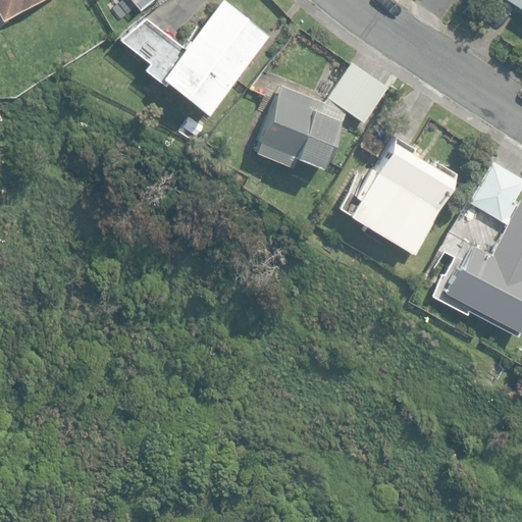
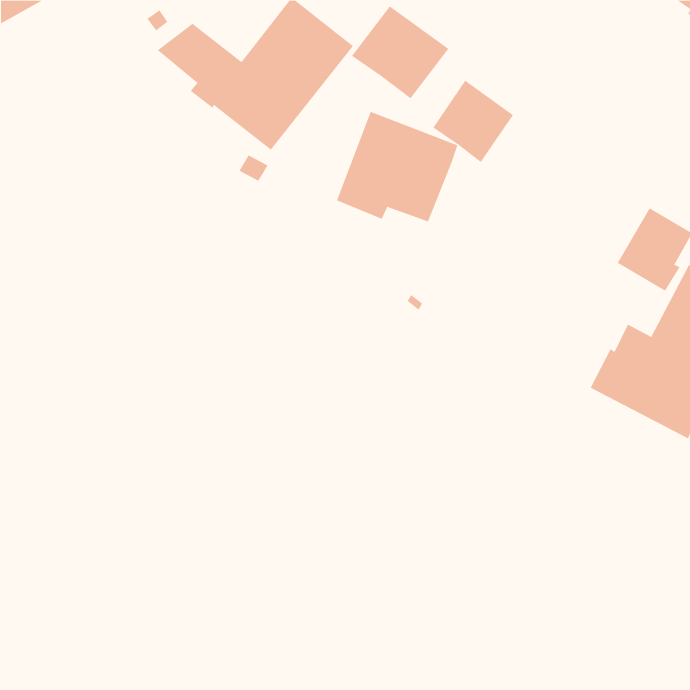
building: none -> [351,6,449,99]
building: [347,142,454,257] -> none

